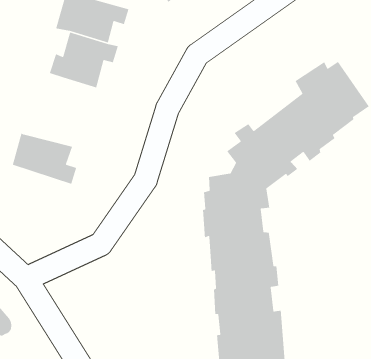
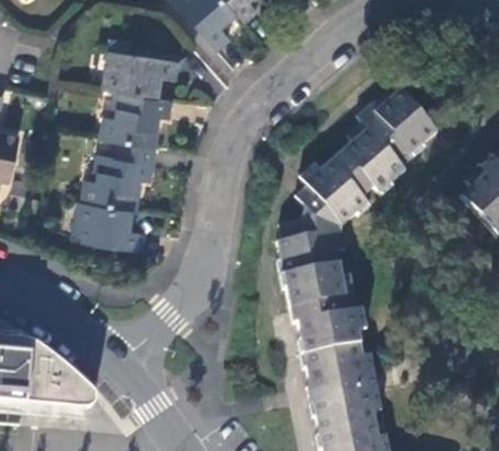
building: none -> [83,141,155,210]

